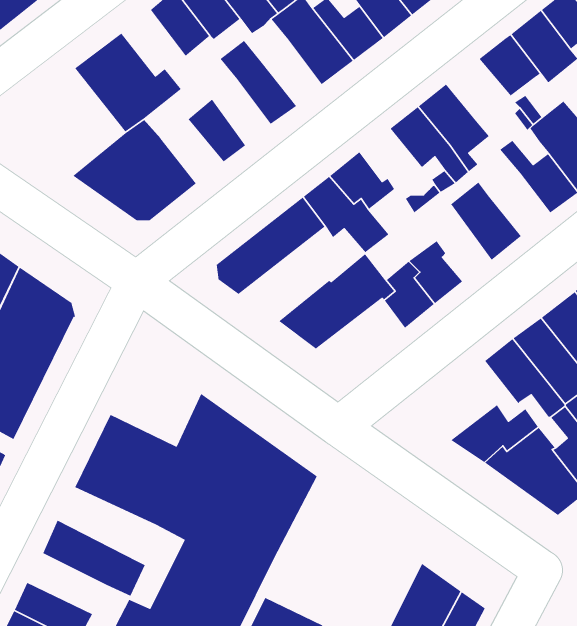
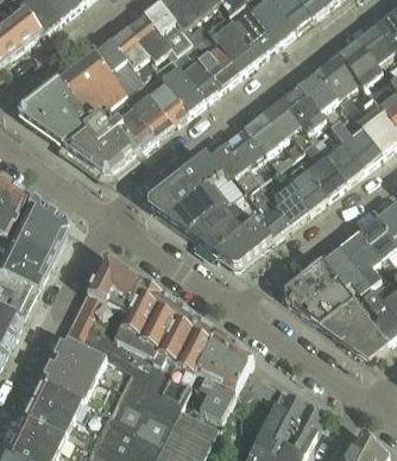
building: none -> [94,38,144,88]
building: none -> [182,57,220,99]
building: none -> [298,69,339,109]
building: none -> [24,75,96,143]
building: none -> [151,82,188,124]
building: none -> [119,107,158,147]
building: none -> [244,113,283,151]
building: none -> [326,141,364,181]
building: none -> [291,160,327,209]
building: none -> [168,175,247,234]
building: none -> [216,220,272,263]
building: none -> [87,257,144,312]
building: none -> [285,259,348,309]
building: none -> [190,331,256,418]
building: none -> [53,339,115,385]
building: none -> [34,380,84,418]

